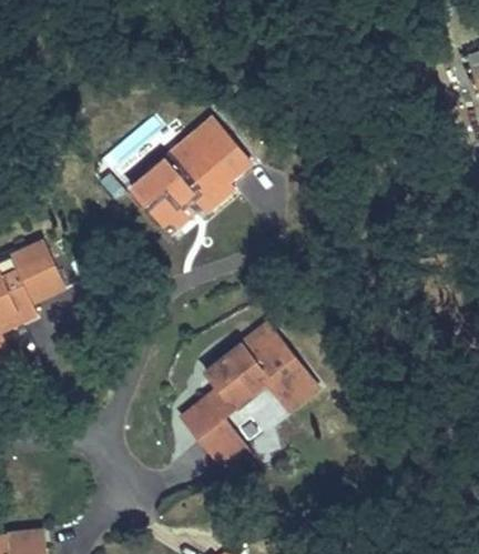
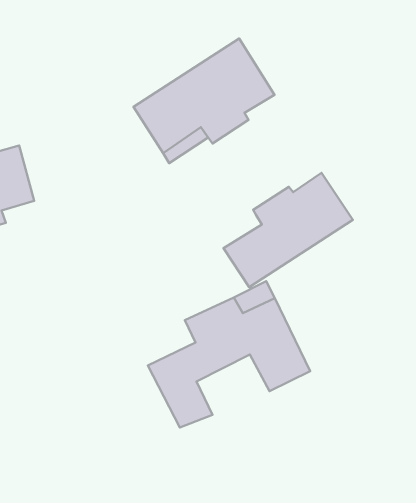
building: none -> [223,173,353,287]

